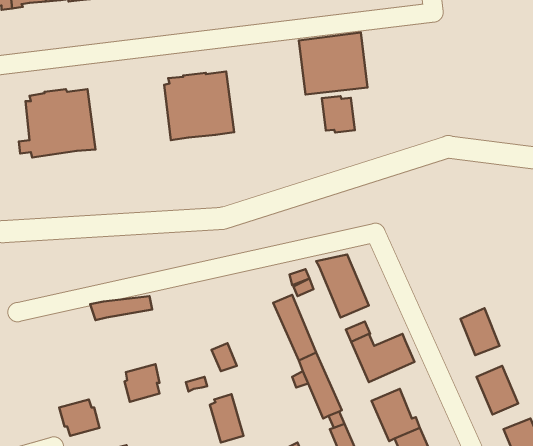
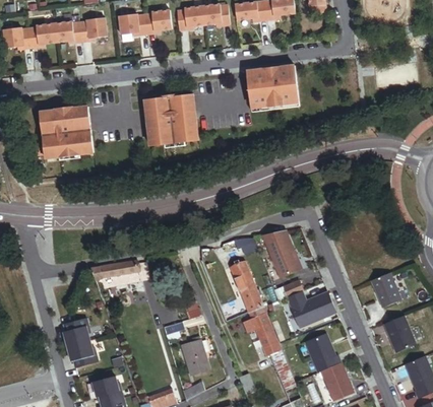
building: [322,96,355,133] -> none
building: [125,364,160,402] -> [63,319,89,347]

